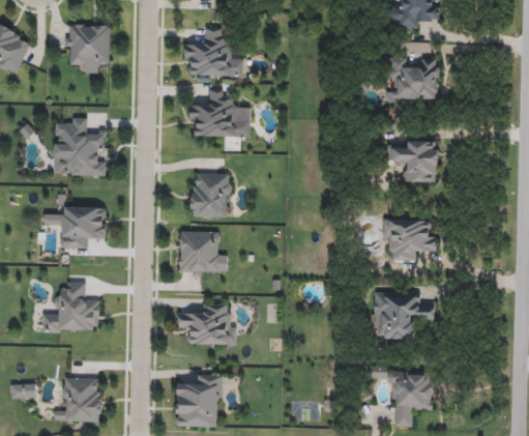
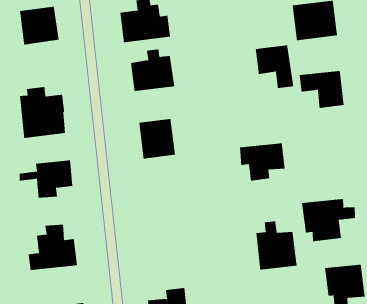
building: none -> [255,44,294,89]
building: [382,219,435,260] -> [239,143,286,181]
building: [179,231,228,272] -> none
building: [179,302,235,345] -> none
building: none -> [256,220,297,271]

